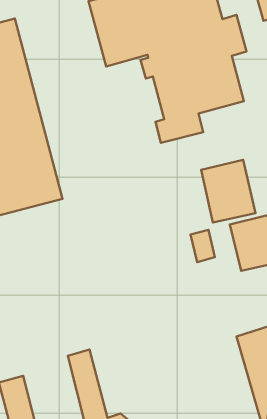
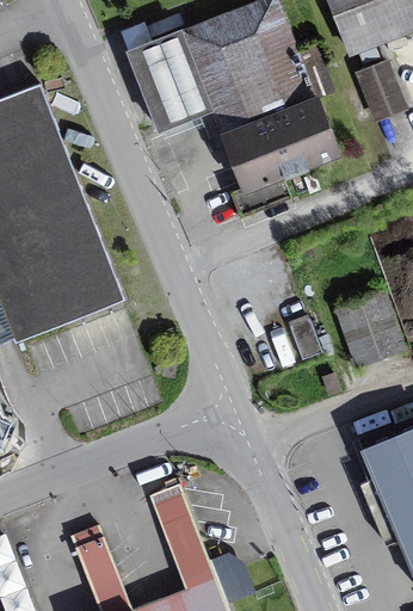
building: [201,160,255,222] -> none

